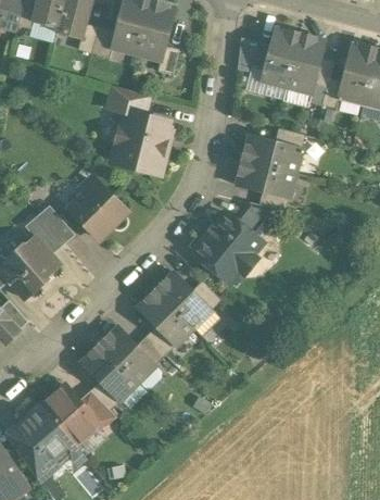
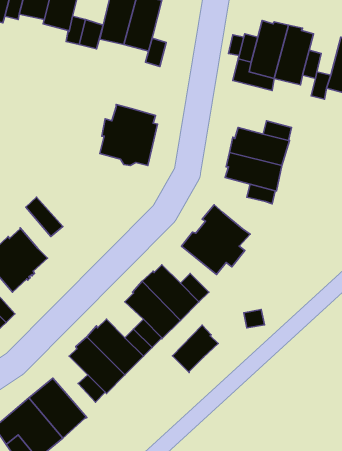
building: [106,87,150,117] -> none
building: [69,182,127,239] -> none
building: [235,202,277,237] -> none
building: [24,215,63,257] -> none
building: none -> [173,325,218,372]
building: [78,391,116,430] -> none

